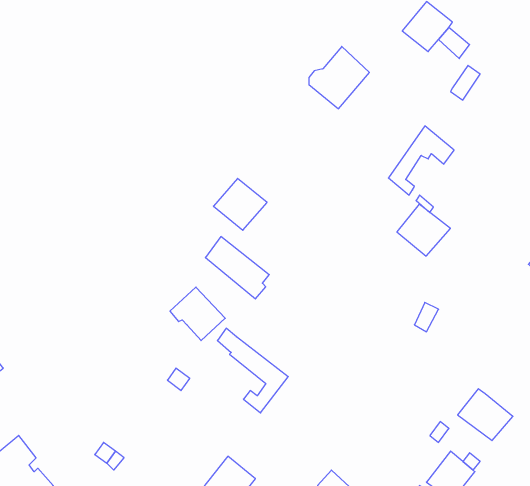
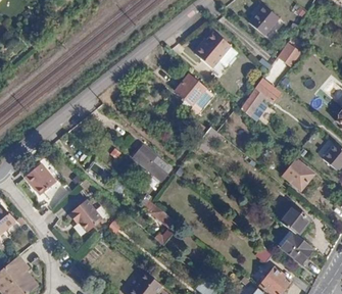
building: [213,178,267,230] -> [174,74,205,104]
building: [397,204,450,256] -> [283,159,314,190]
building: none -> [26,158,56,189]
building: [170,287,225,341] -> [65,197,98,229]
building: none -> [279,205,309,235]

